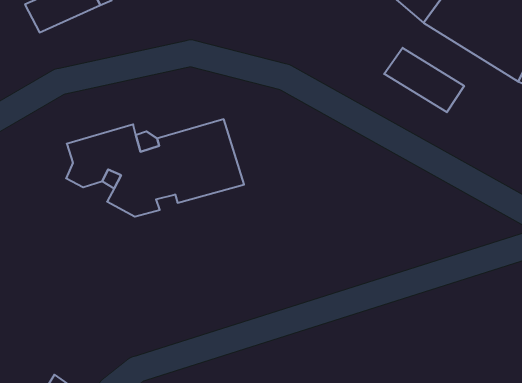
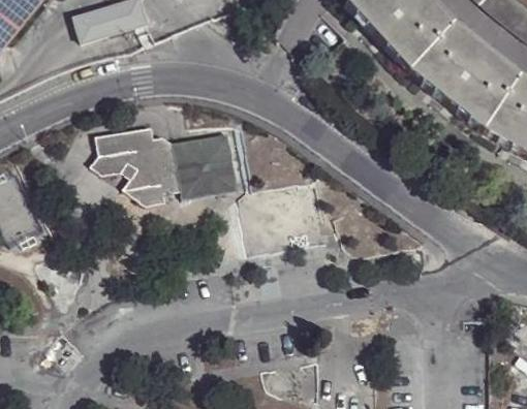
building: [384,48,464,112] -> none

